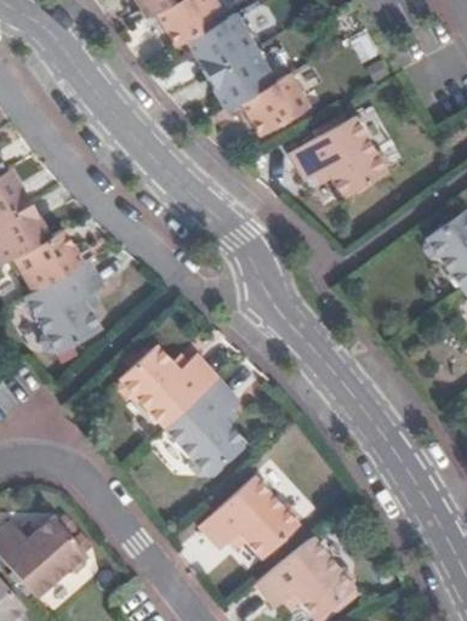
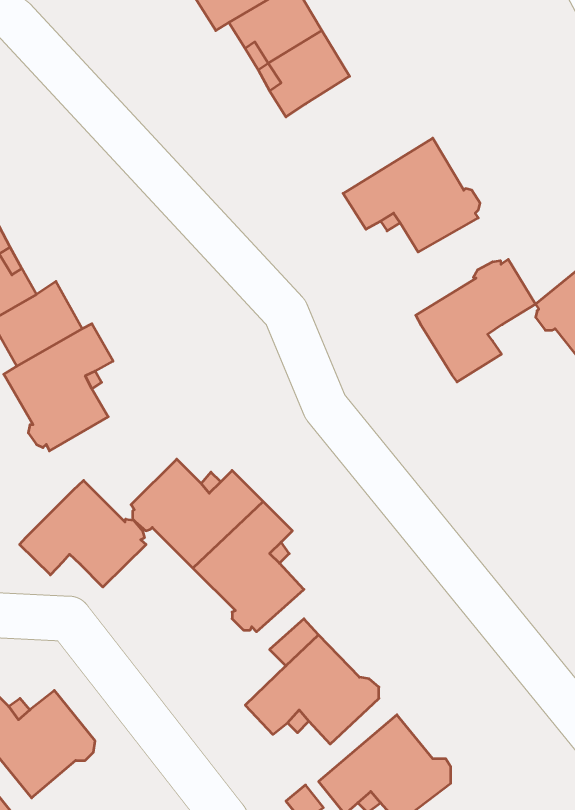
building: [247,57,315,120] -> none
building: none -> [416,259,536,382]
building: none -> [20,480,146,587]

